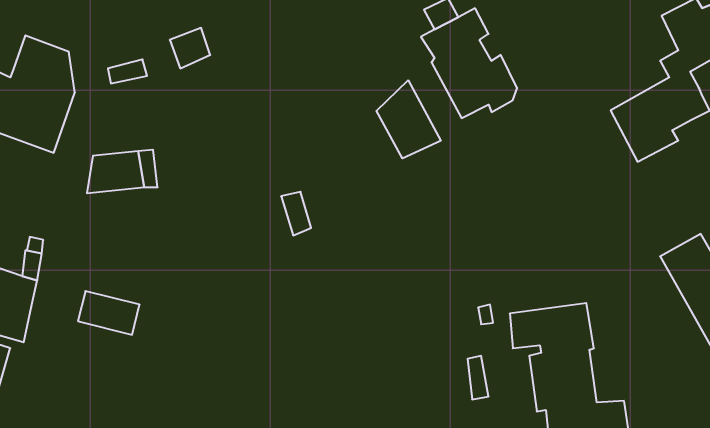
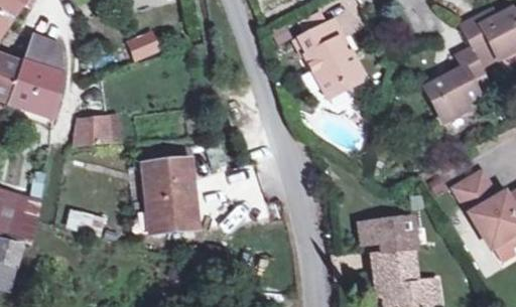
building: [376,80,441,158] -> none
building: none -> [143,162,195,234]

